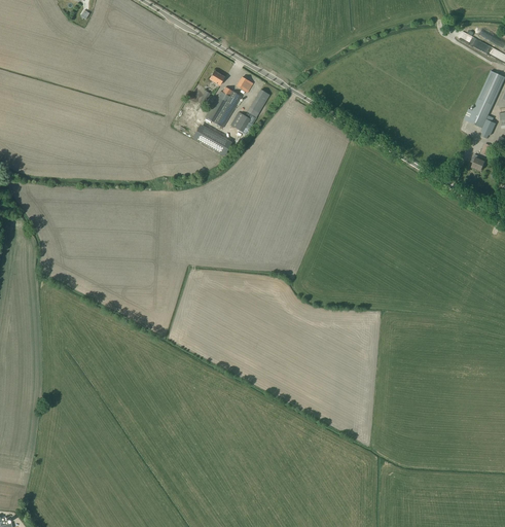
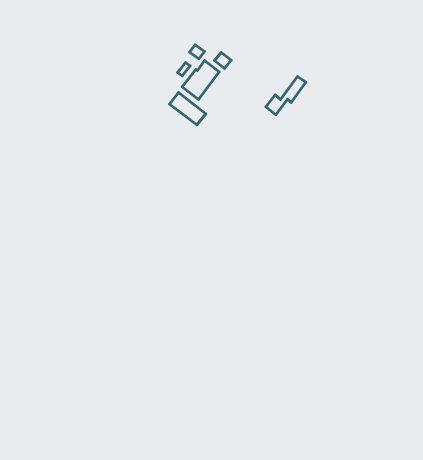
building: [230,90,269,132] -> [266,77,306,115]

